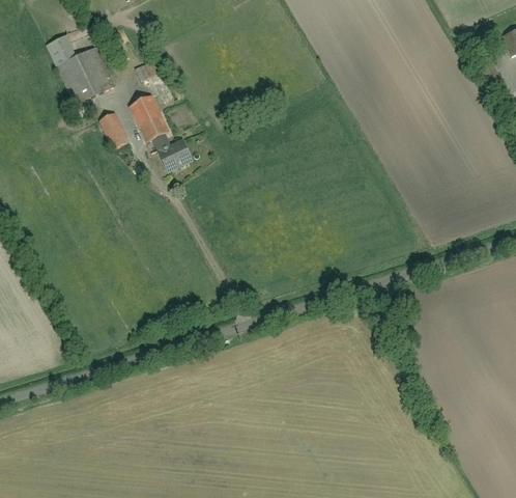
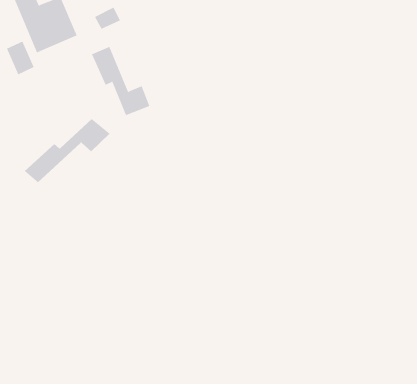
building: [98,112,128,148] -> [6,41,35,75]
building: none -> [24,118,110,183]

